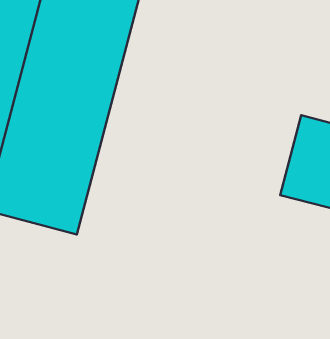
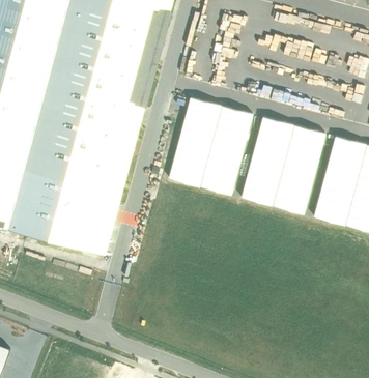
building: none -> [168,99,253,198]
building: none -> [242,116,327,214]

